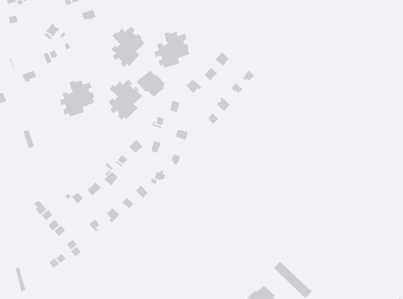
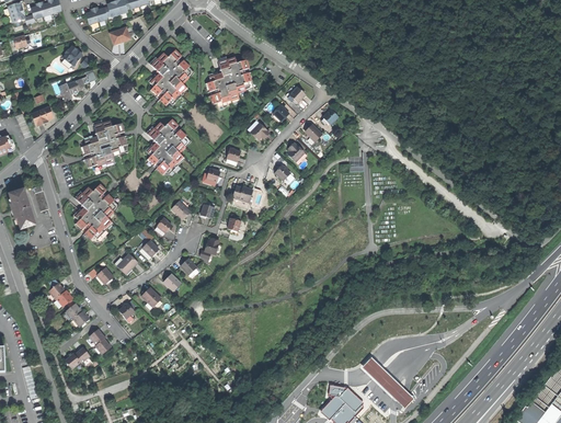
building: [136,69,166,98] -> none
building: none -> [72,184,118,239]
building: none -> [9,190,34,229]

